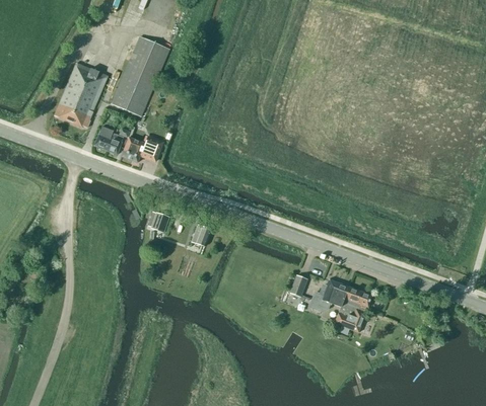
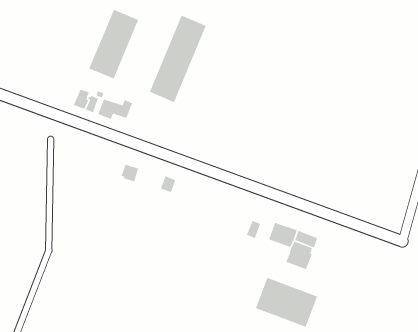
building: none -> [149,15,207,103]
building: [54,63,107,128] -> none
building: none -> [255,277,318,328]

